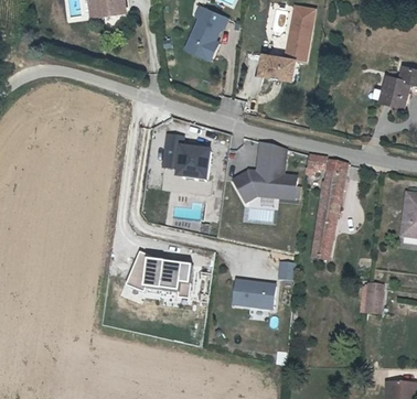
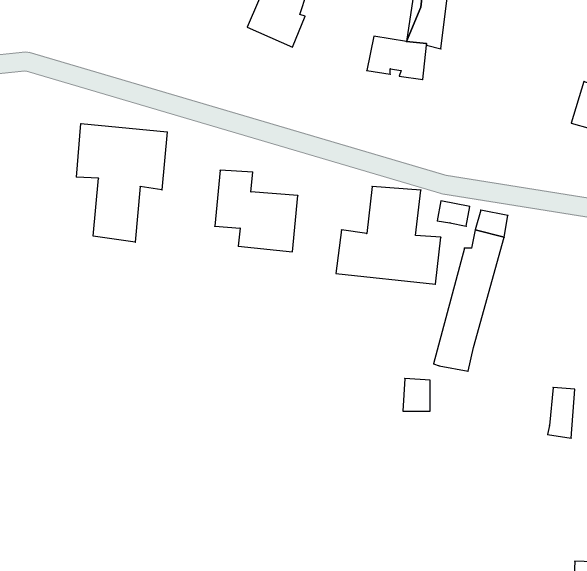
building: none -> [76,124,167,242]
building: [132,257,197,296] -> none
building: [232,279,278,312] -> none

